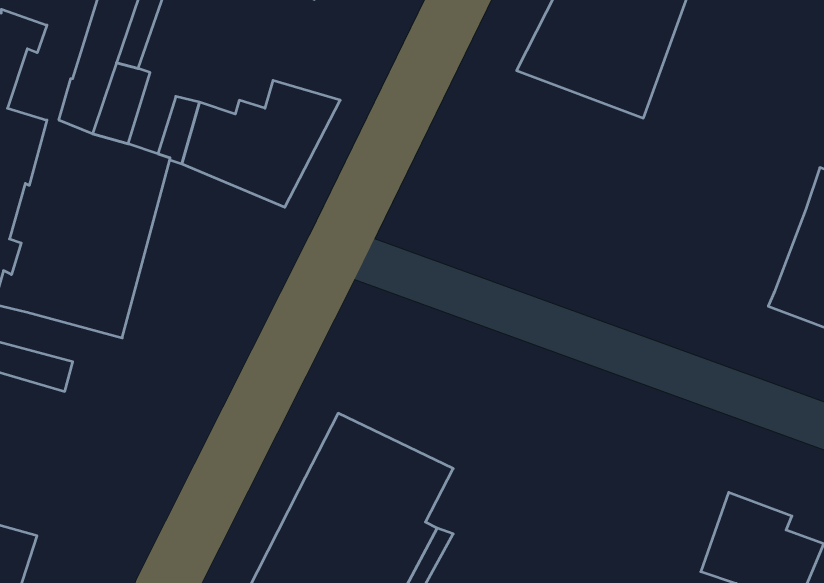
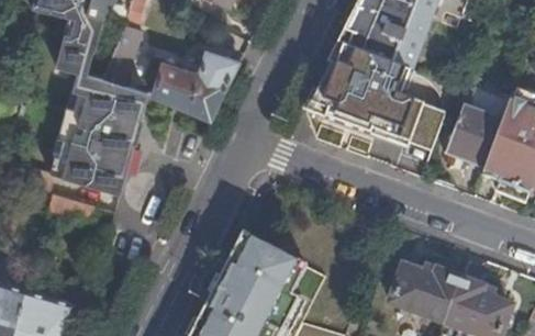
building: none -> [305,60,445,156]
building: none -> [442,107,500,167]
building: none -> [388,266,457,322]

